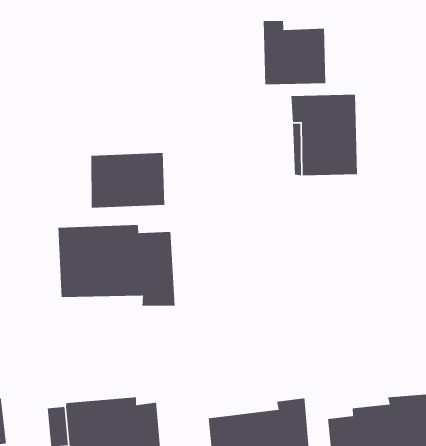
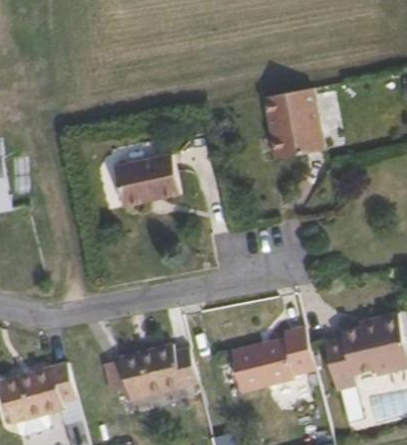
building: [263,20,326,85] -> none
building: [58,224,175,307] -> none

